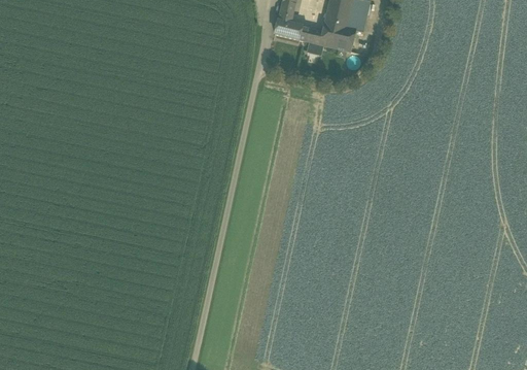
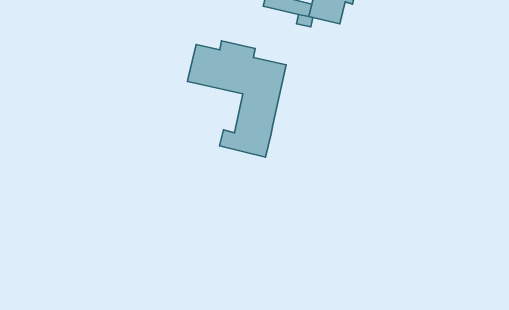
building: none -> [187,41,286,157]

